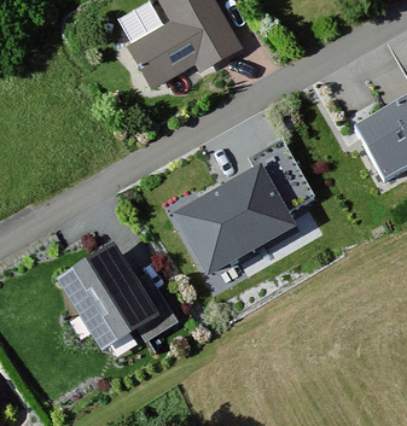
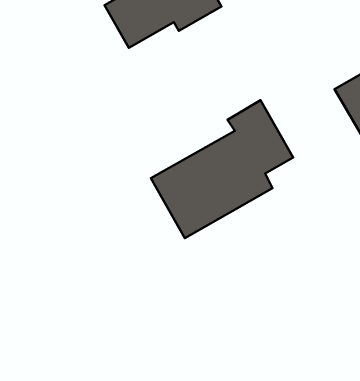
building: [58,246,157,350] -> none

